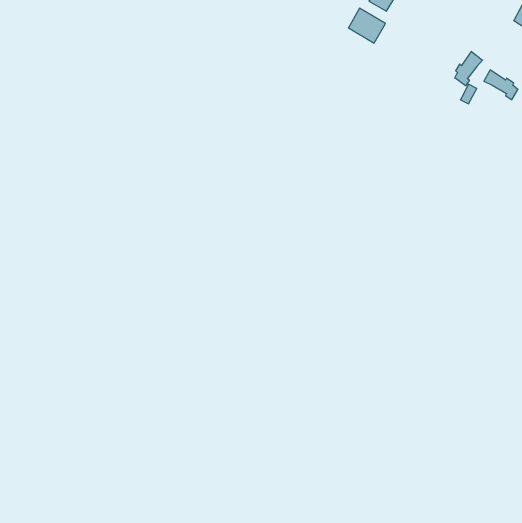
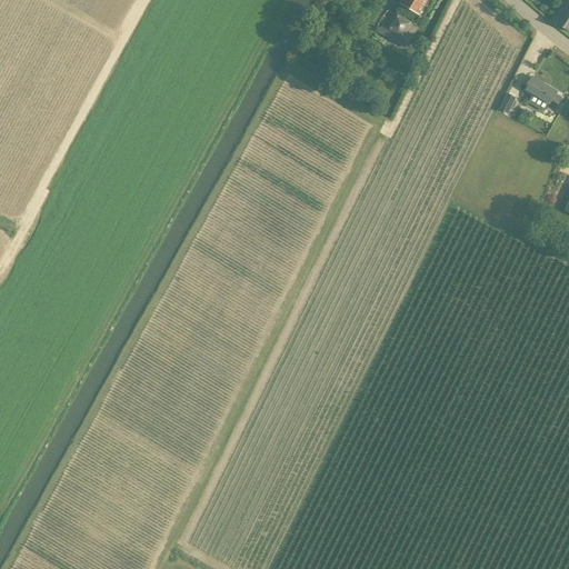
building: [455,51,483,86] -> none

